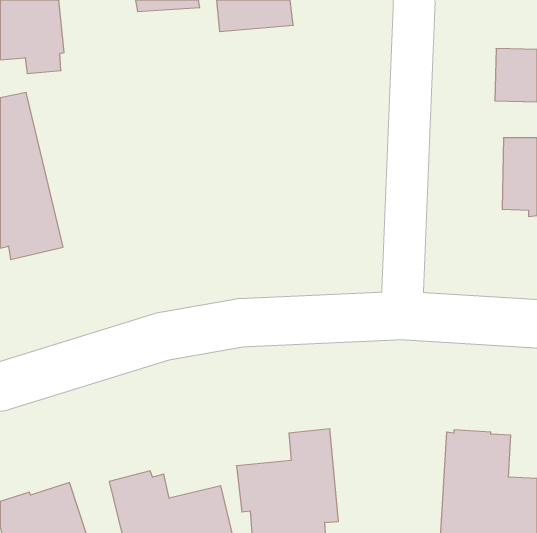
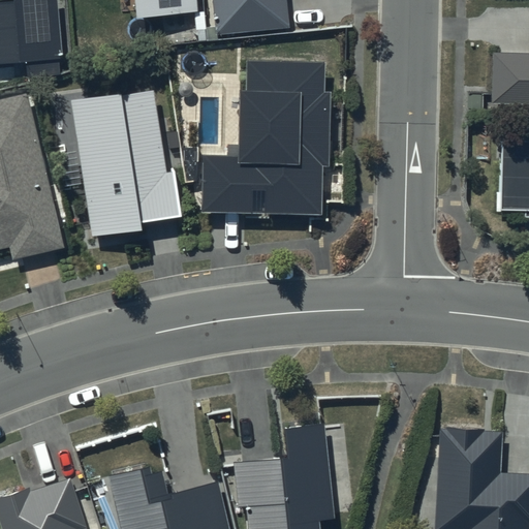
building: none -> [205,60,329,211]
building: none -> [72,90,178,232]

